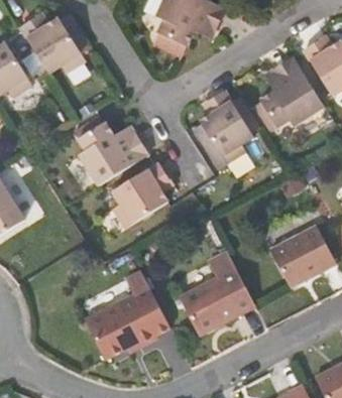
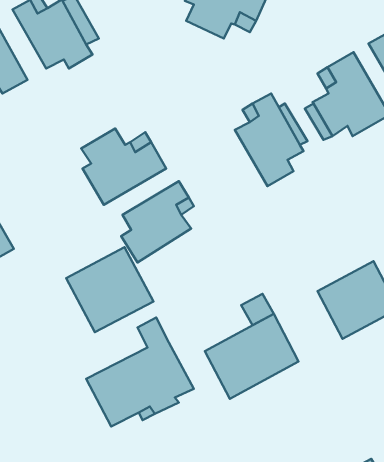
building: none -> [66,247,153,332]

